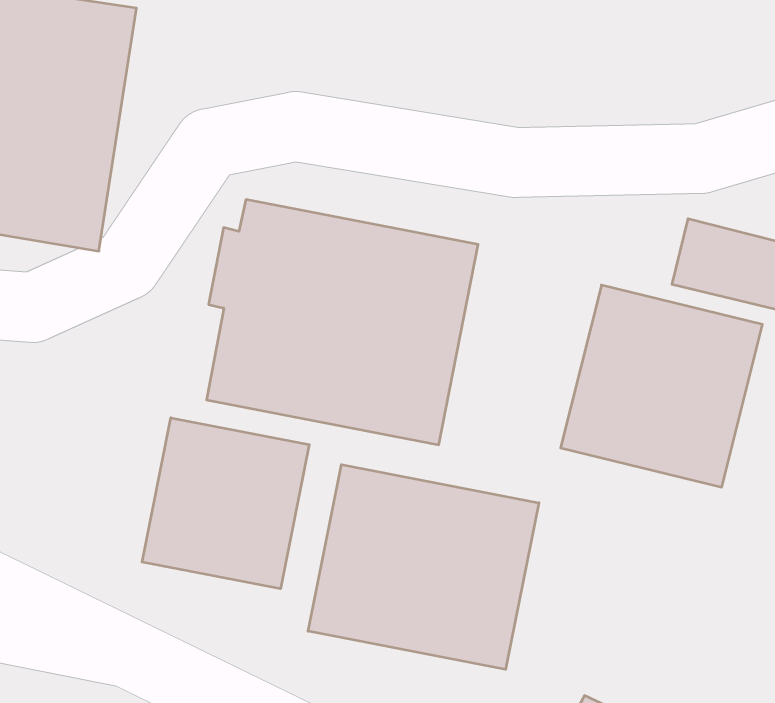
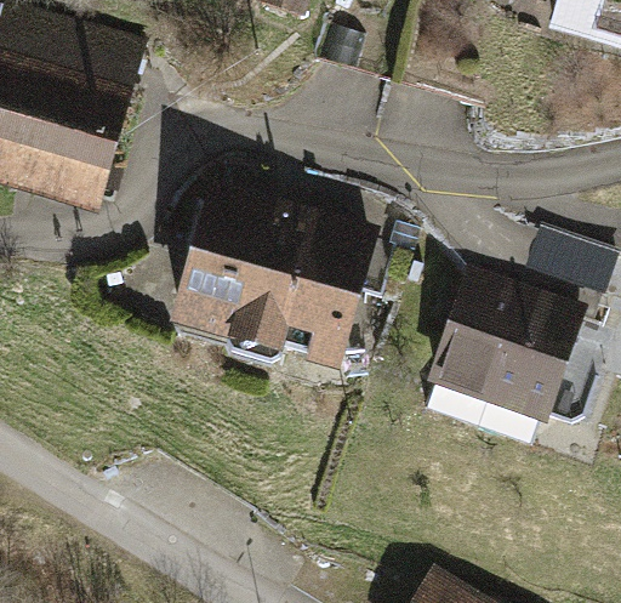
building: [142,418,309,589] -> none
building: [308,465,539,669] -> none

